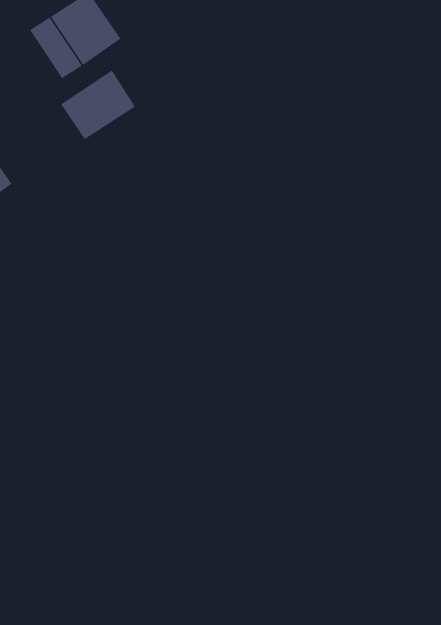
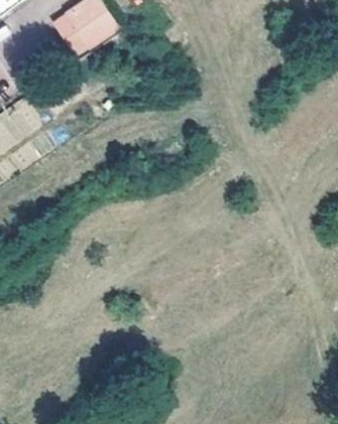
building: [60,69,136,140] -> none

